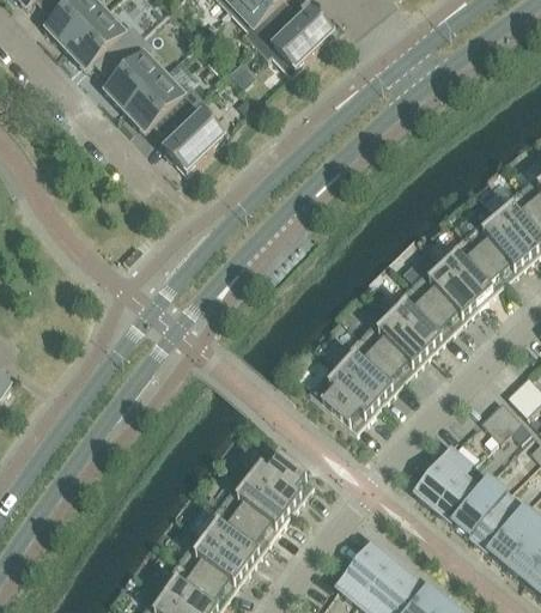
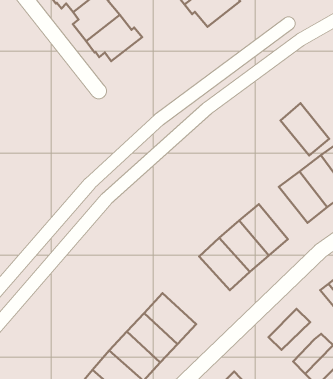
building: [163,97,229,174] -> none
building: [385,285,455,356] -> [280,103,329,155]
building: [436,467,480,523] -> none

